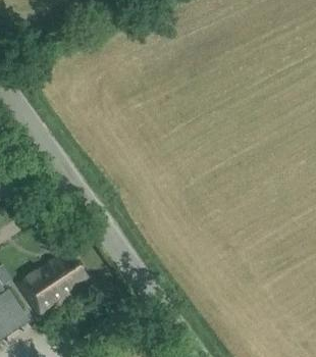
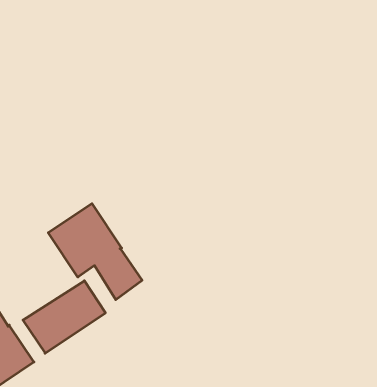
building: none -> [48,204,142,300]

